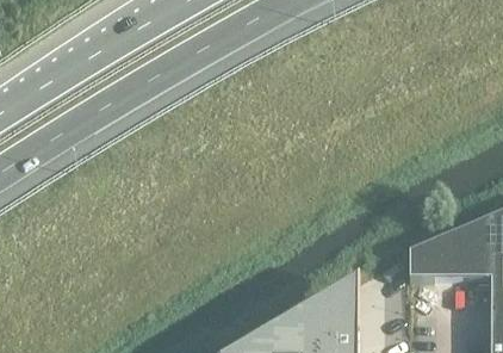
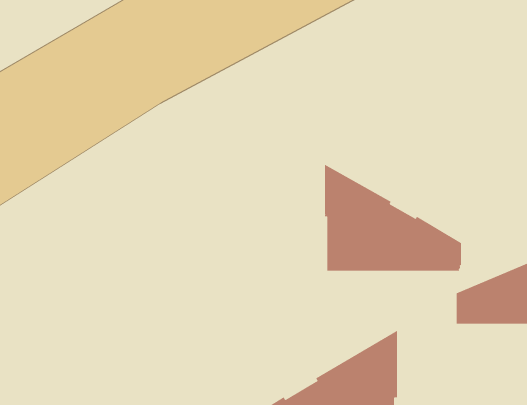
building: none -> [325,164,462,271]

